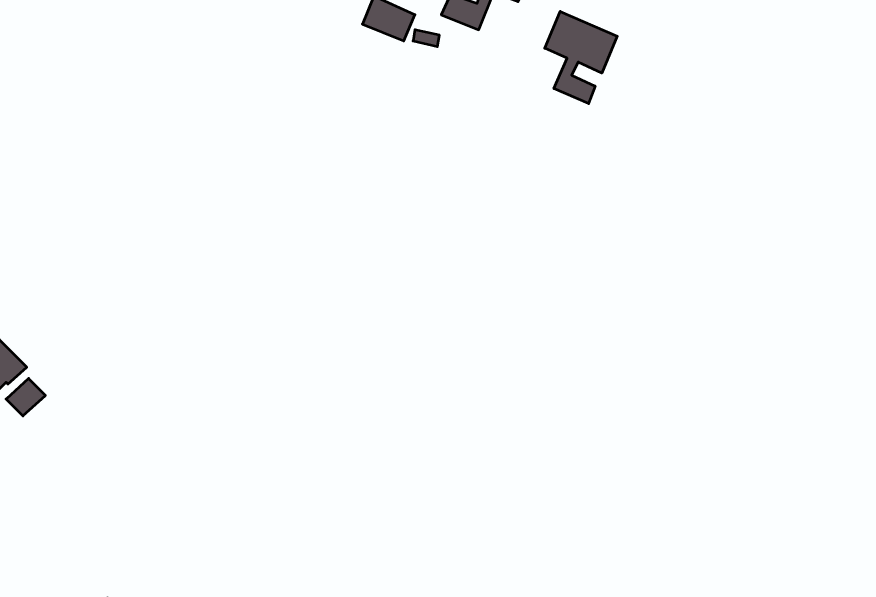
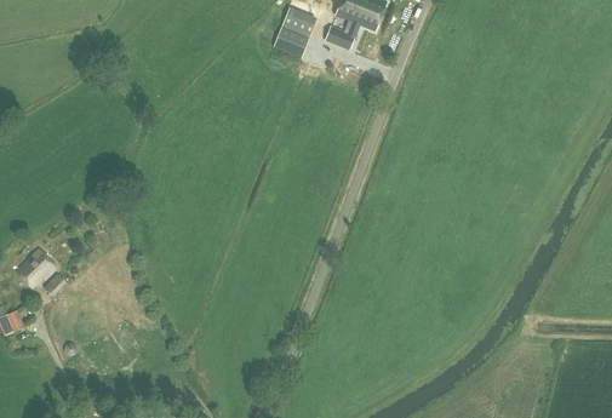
building: [545,11,617,104] -> none

